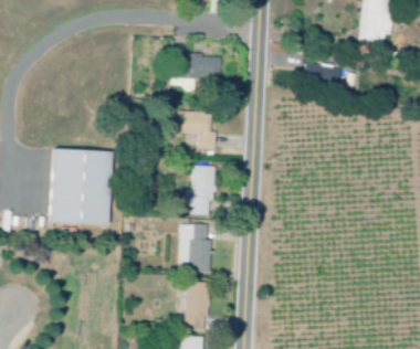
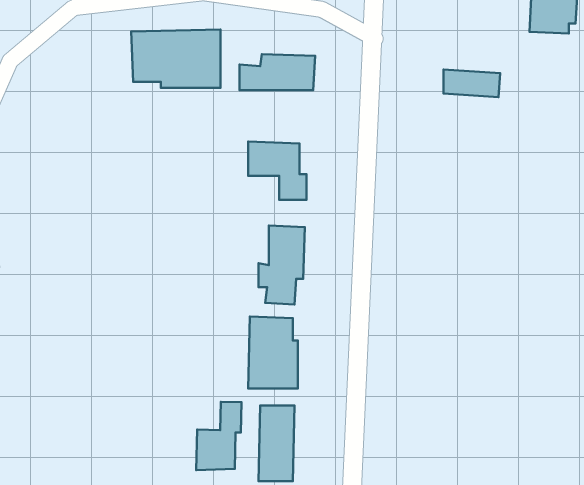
building: none -> [131,29,220,88]
building: [51,149,113,225] -> none
building: none -> [196,402,241,470]

